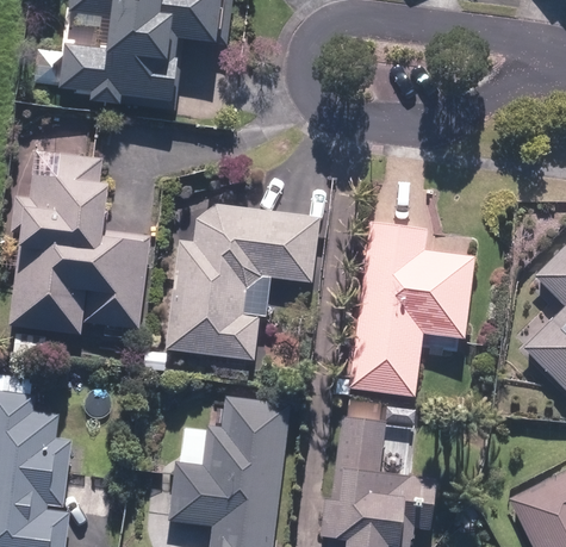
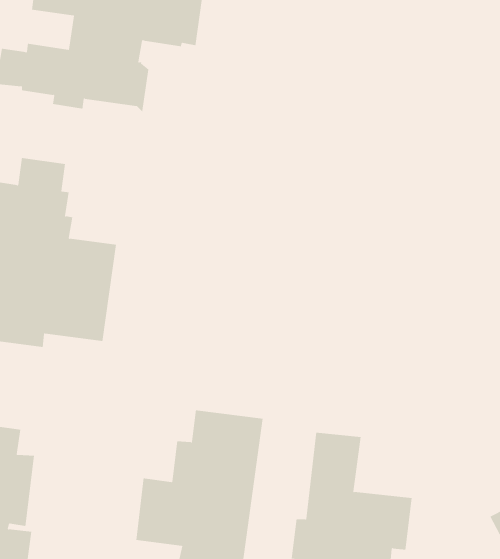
building: [164,204,319,361] -> none
building: [348,222,473,397] -> none

